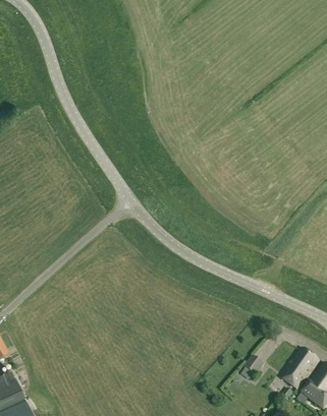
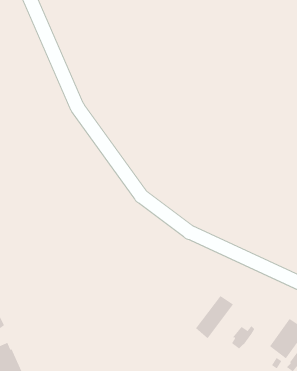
building: none -> [195,295,234,339]

